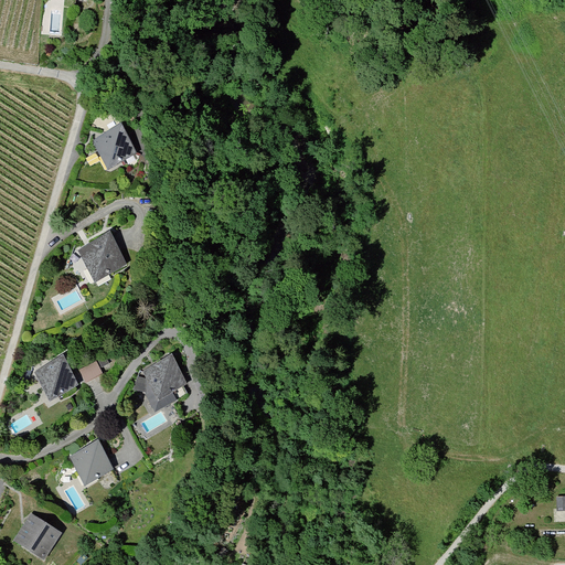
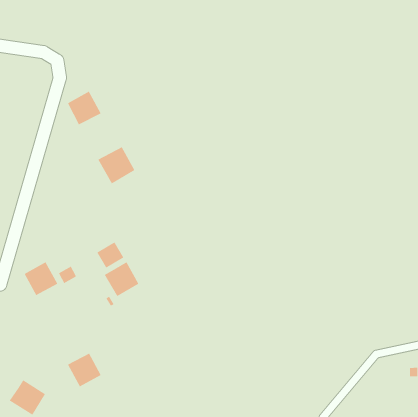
building: [77,234,128,285] -> [97,147,135,184]
building: none -> [96,241,124,268]
building: [68,438,115,484] -> [67,353,102,387]

